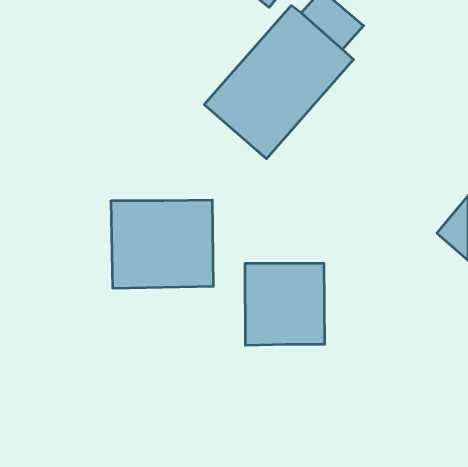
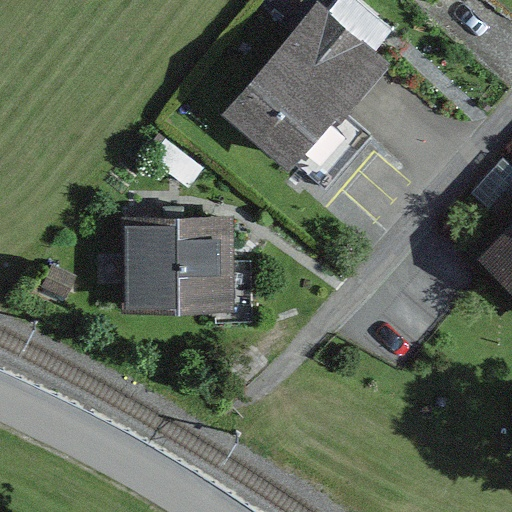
building: [245,263,325,345] -> none

